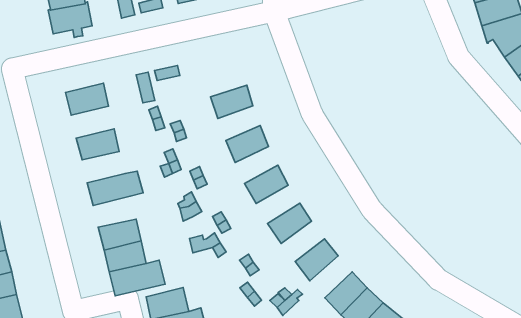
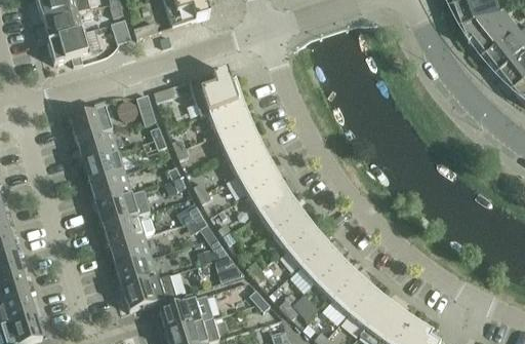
building: none -> [189,69,242,116]
building: none -> [216,119,257,154]
building: none -> [76,128,118,161]
building: none -> [236,157,277,194]
building: none -> [89,171,131,203]
building: none -> [258,193,300,231]
building: none -> [103,214,154,245]
building: none -> [285,226,326,266]
building: none -> [315,258,355,299]

